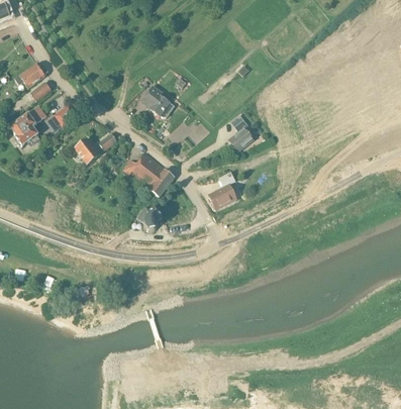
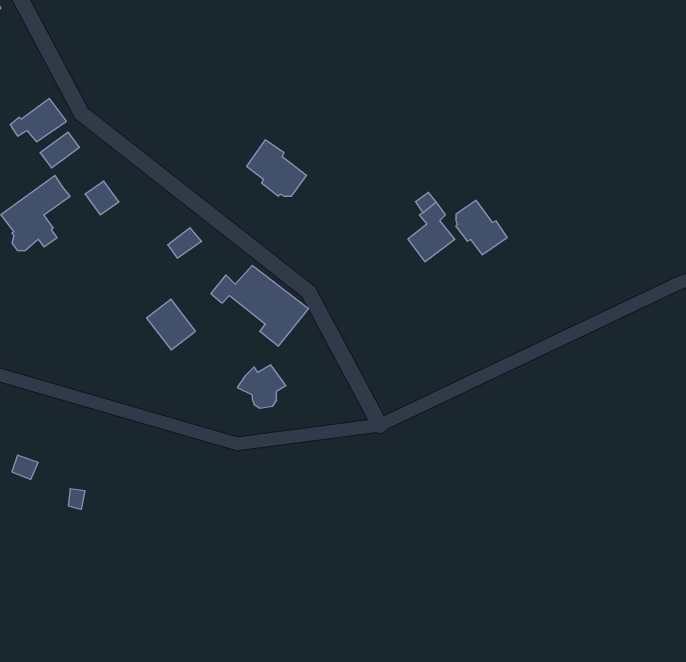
building: none -> [456,200,507,255]
building: [74,137,100,165] -> [147,299,195,350]
building: [208,173,236,209] -> none

